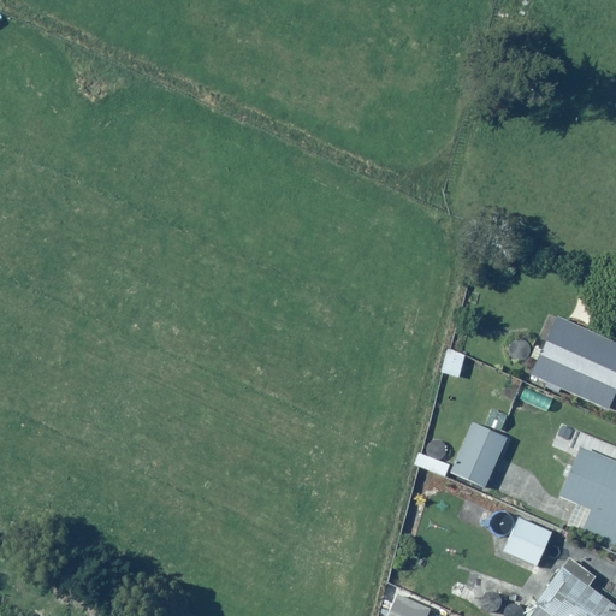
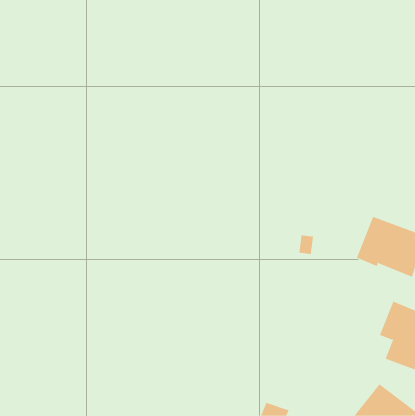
building: [452,422,508,486] -> none
building: [504,509,558,565] -> none

